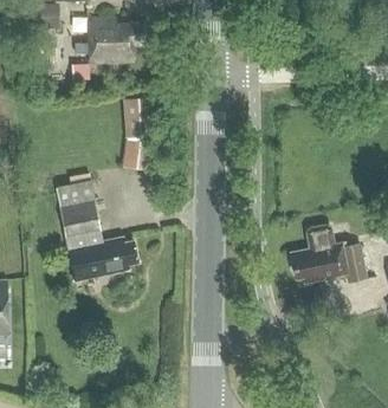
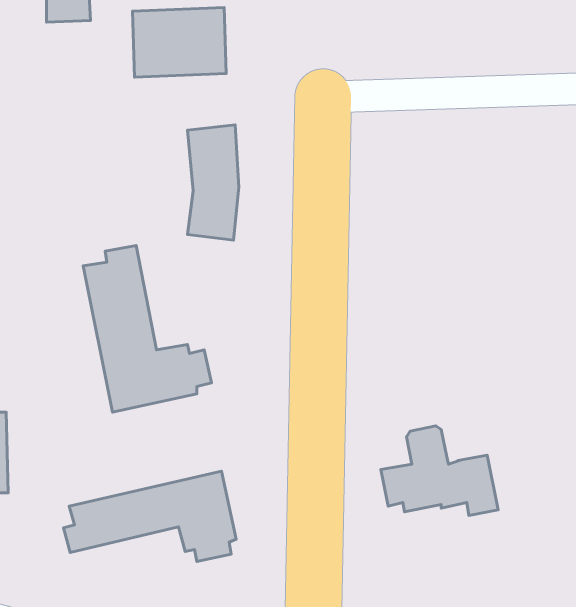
building: [291,226,367,284] -> [381,426,498,515]
building: none -> [63,471,236,562]

